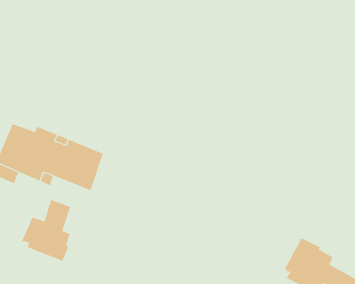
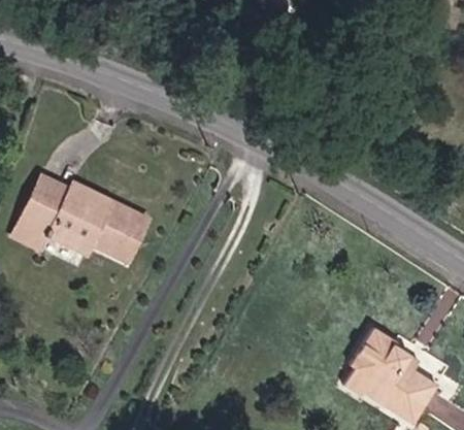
building: [22,199,71,261] -> none

